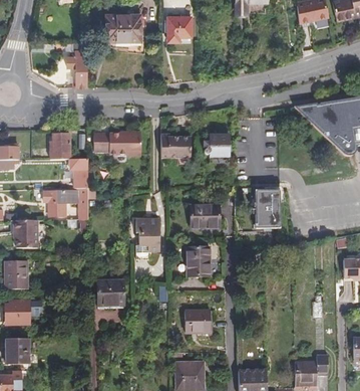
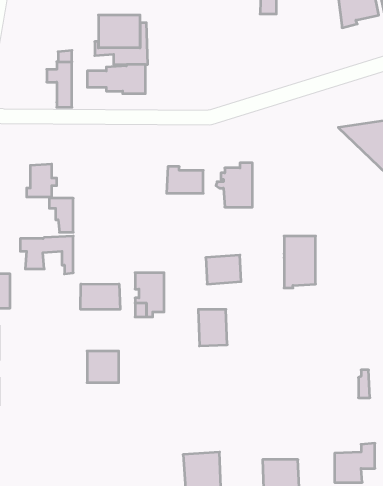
building: [168,16,192,35] -> none
building: [95,132,141,155] -> [87,65,145,94]
building: none -> [81,284,120,309]
building: [185,311,211,334] -> none

